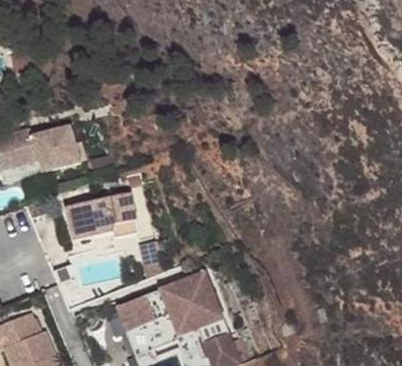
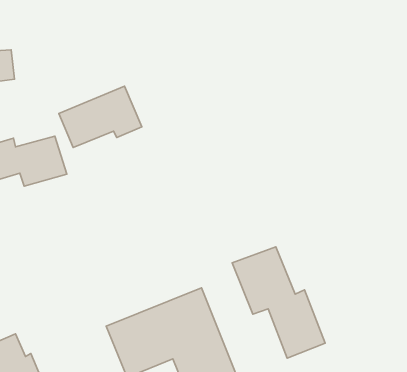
building: [56,189,133,246] -> [59,86,142,147]
building: none -> [232,247,325,358]

